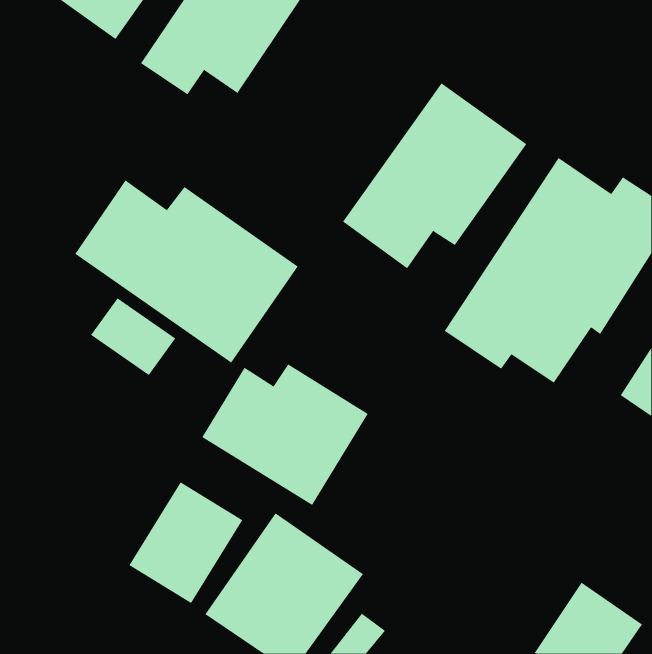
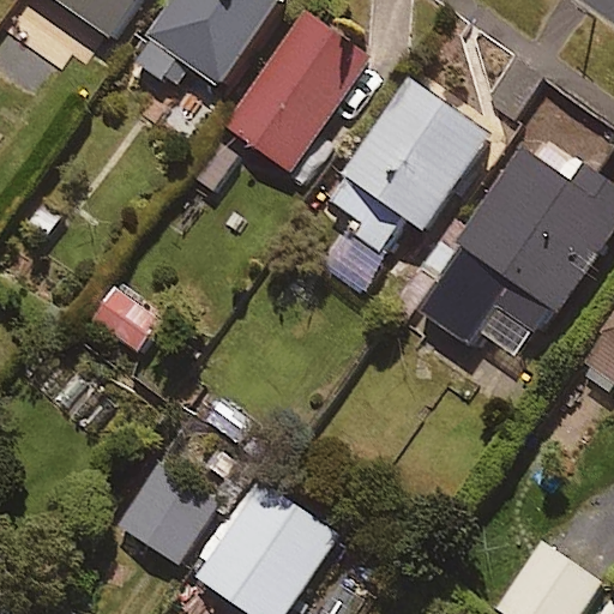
building: none -> [225,11,371,171]
building: [74,179,299,364] -> none
building: [201,363,369,506] -> none

